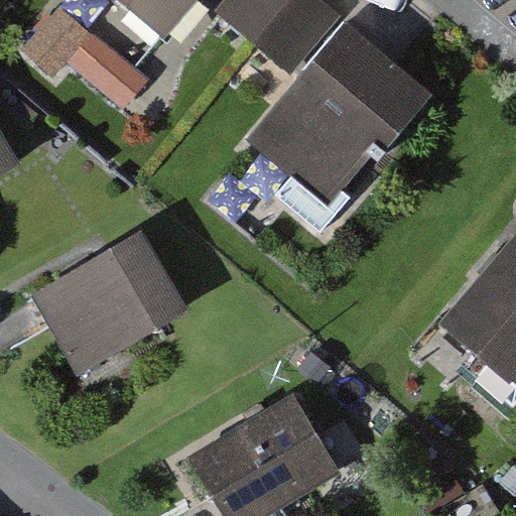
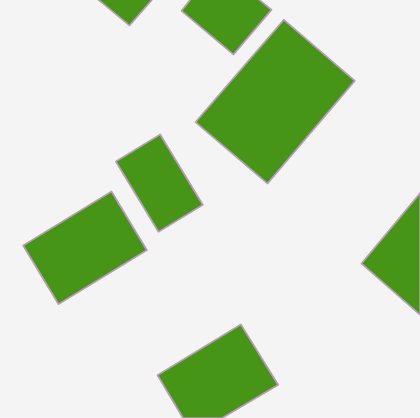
building: [24,4,151,113] -> none
building: none -> [116,134,203,232]

